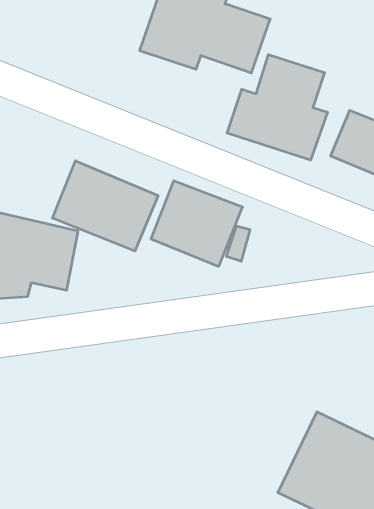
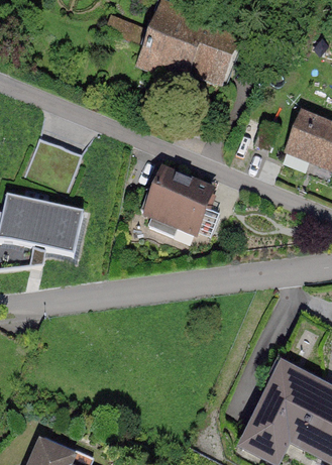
building: [227,55,327,160] -> none
building: [52,161,158,251] -> none

